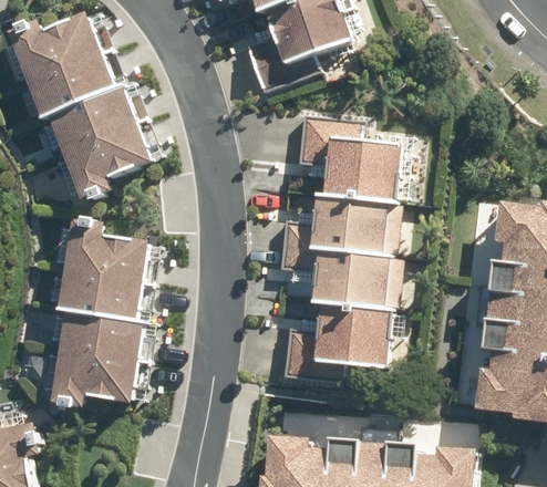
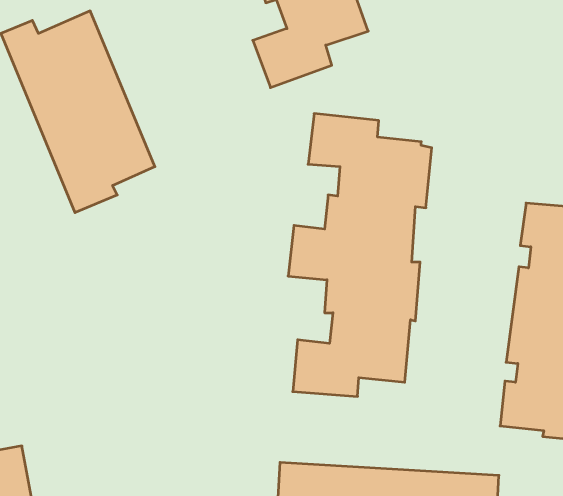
building: [49,217,145,417] -> none

